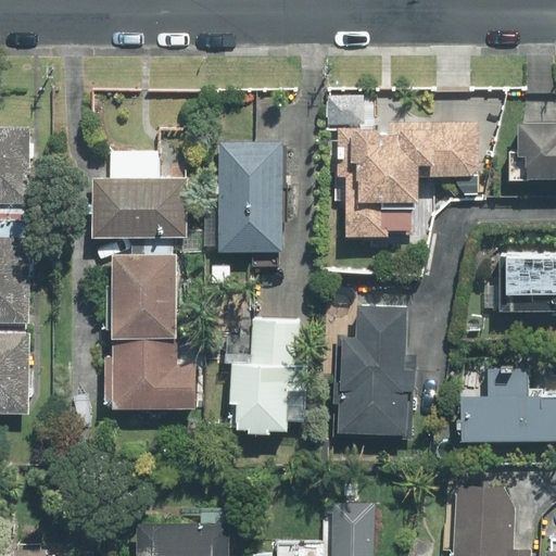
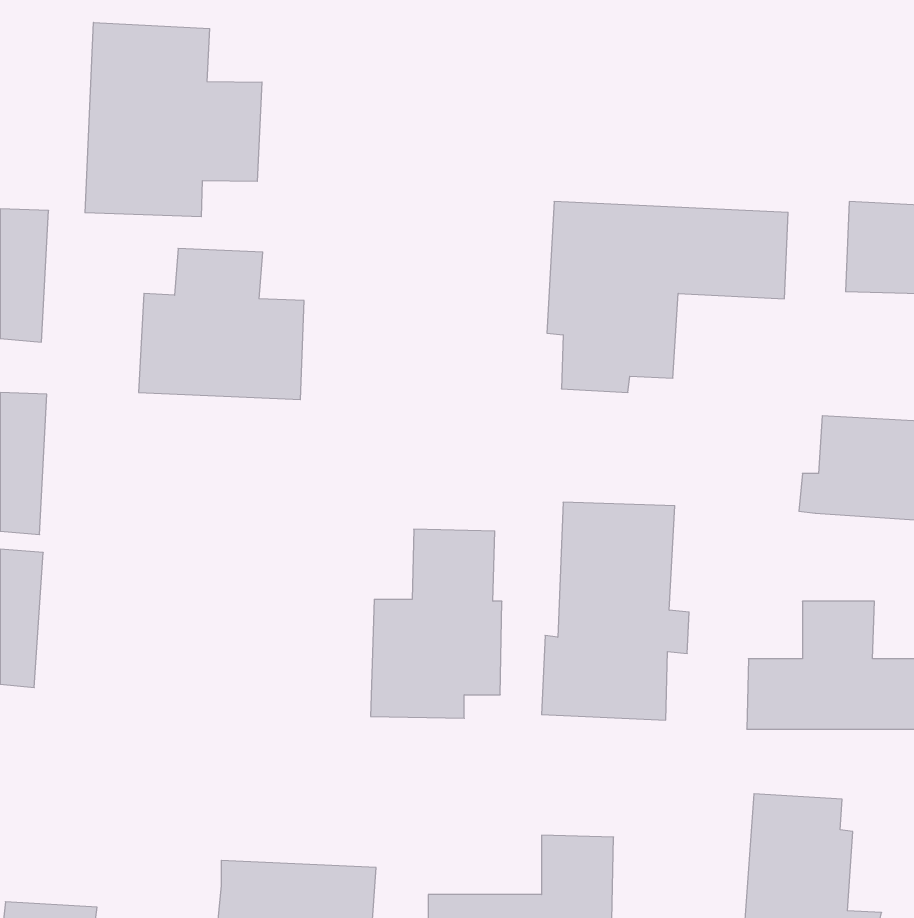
building: none -> [85,22,262,217]
building: [202,137,286,253] -> none
building: [105,255,197,416] -> none

